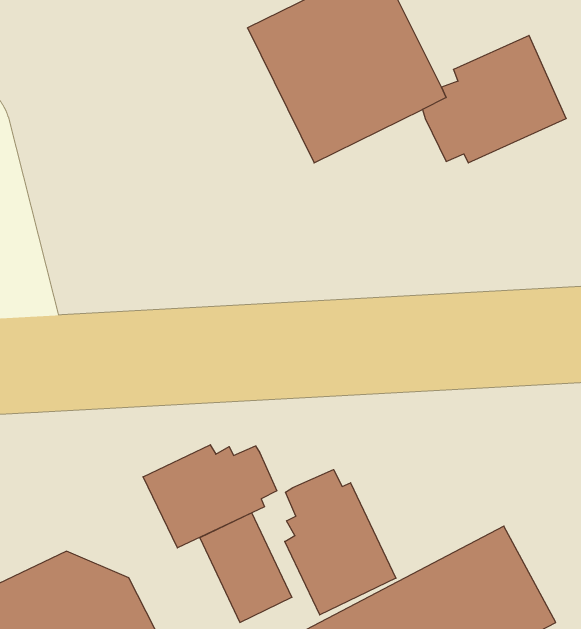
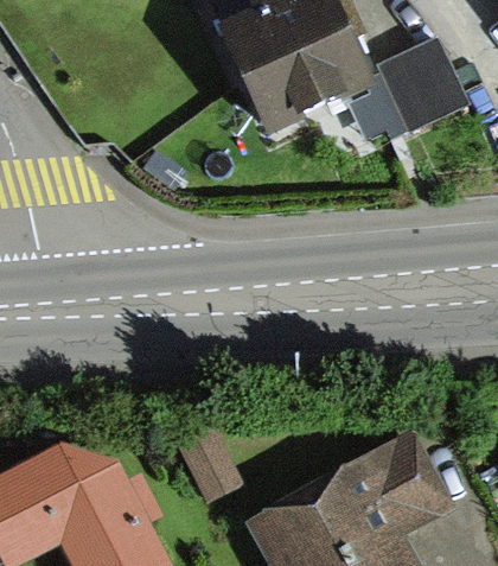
building: [143,445,277,548] -> none
building: [285,470,396,615] -> none

